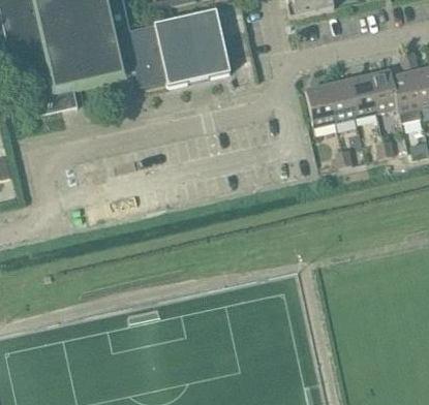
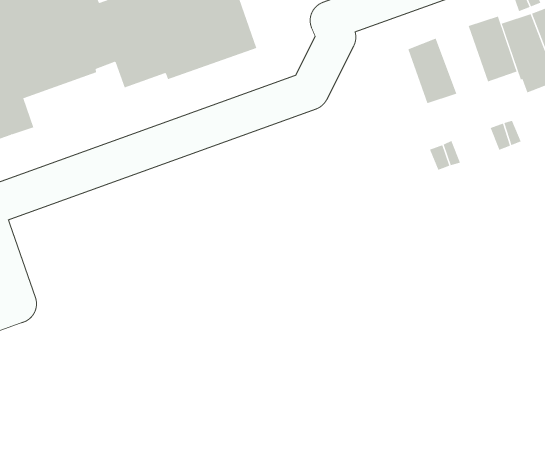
building: [347,73,377,117] -> none
building: [305,84,336,126] -> none

